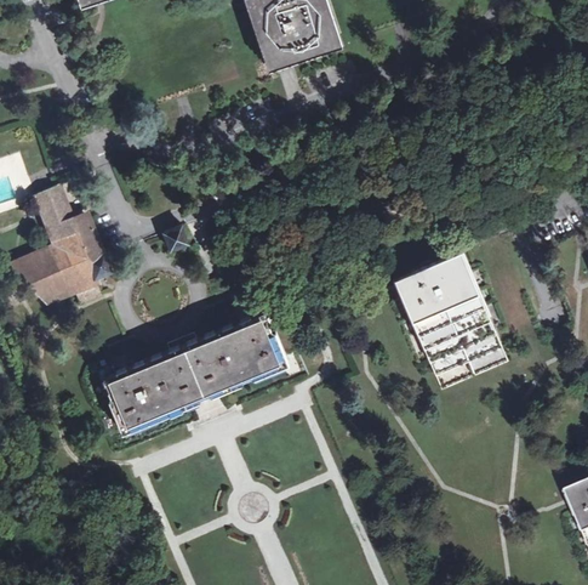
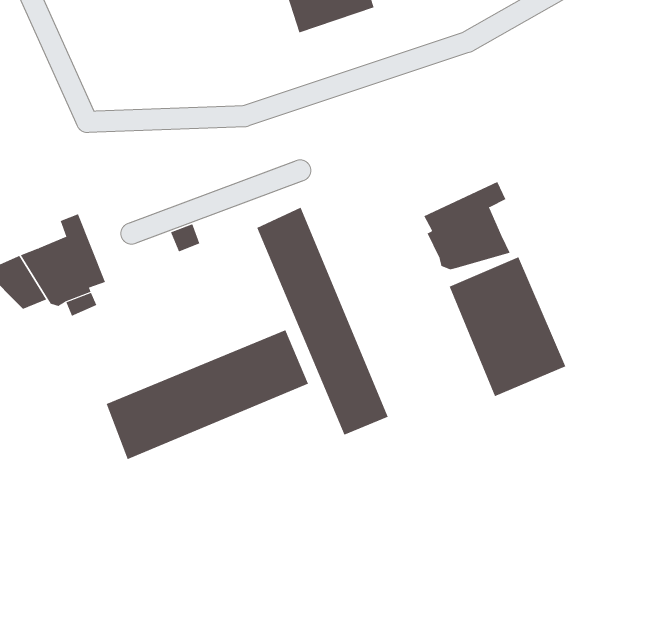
building: [33,188,74,248] -> none
building: none -> [424,181,511,270]
building: none -> [257,207,389,435]

